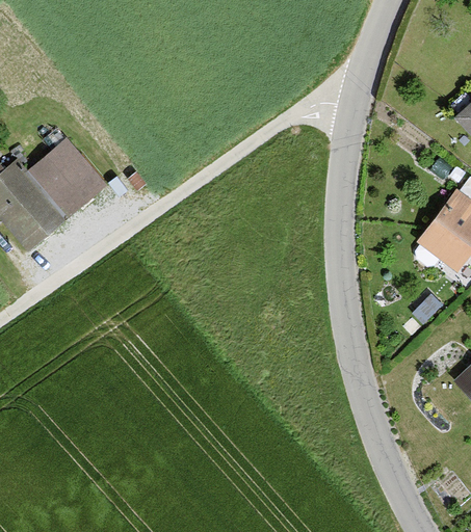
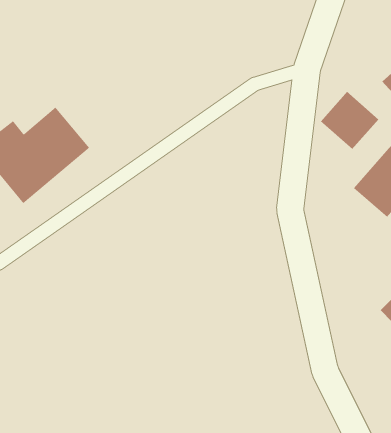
building: none -> [320,91,379,150]

